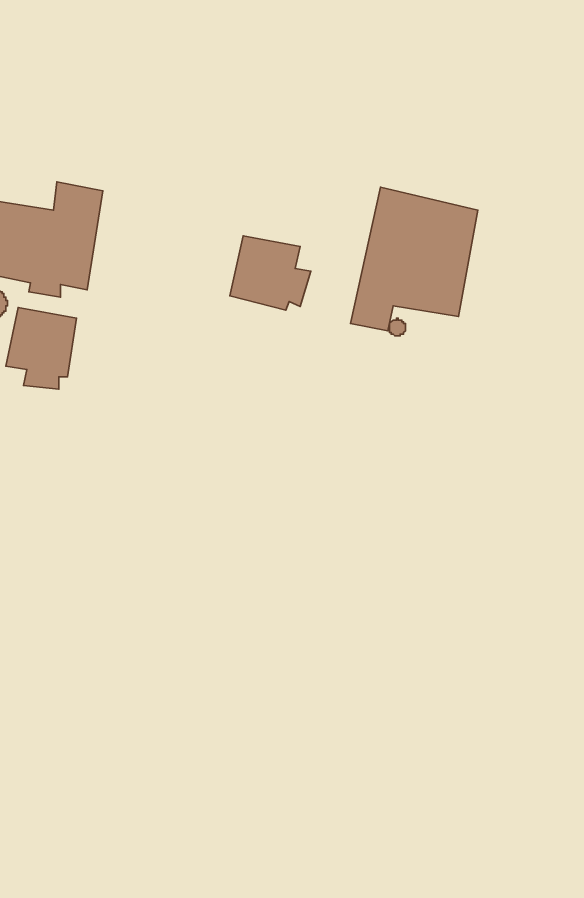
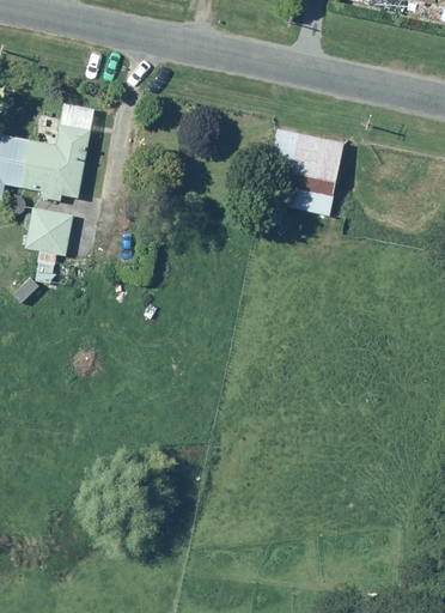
building: [230,236,311,310] -> none

